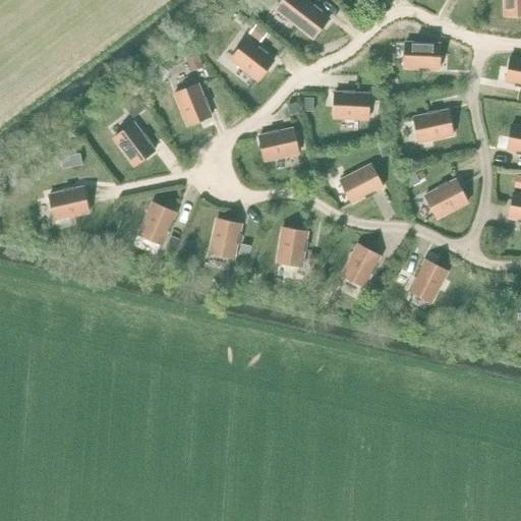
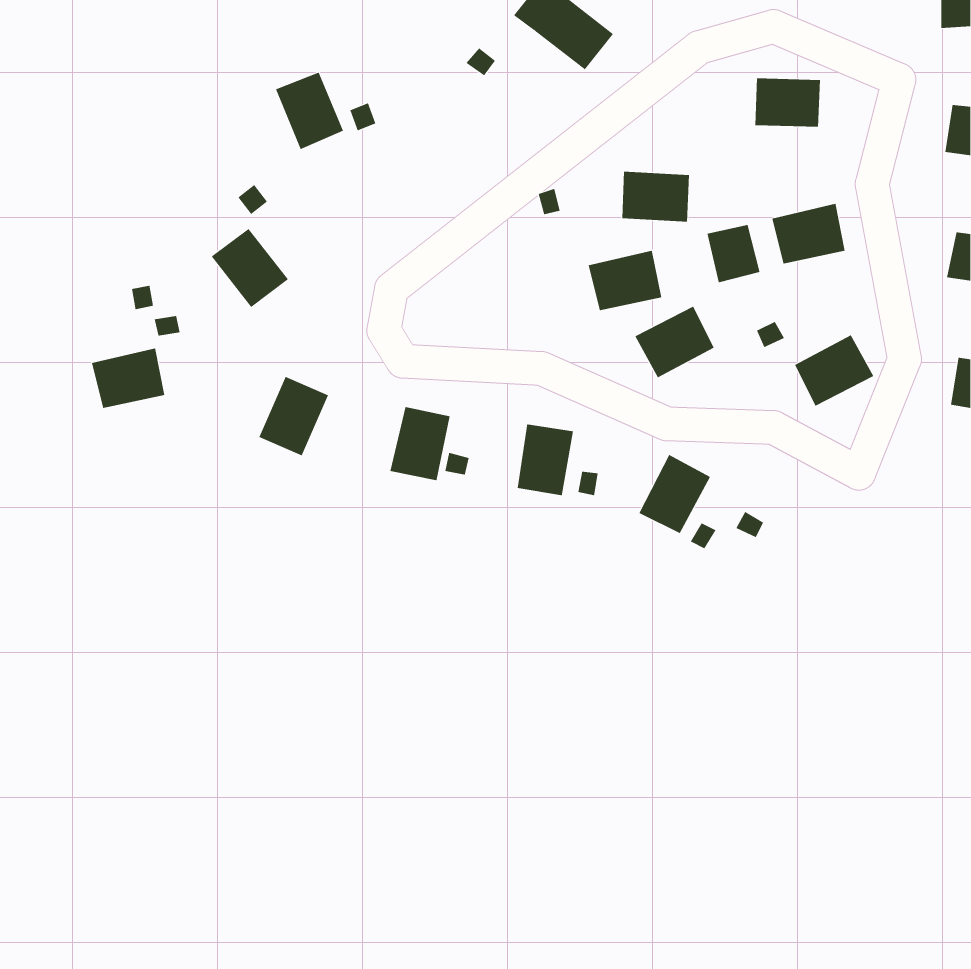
building: [231,38,274,79] -> none
building: [174,83,211,125] -> [275,72,344,150]
building: none -> [707,224,760,283]
building: [258,127,298,160] -> [588,250,662,311]
building: [409,258,448,301] -> none

